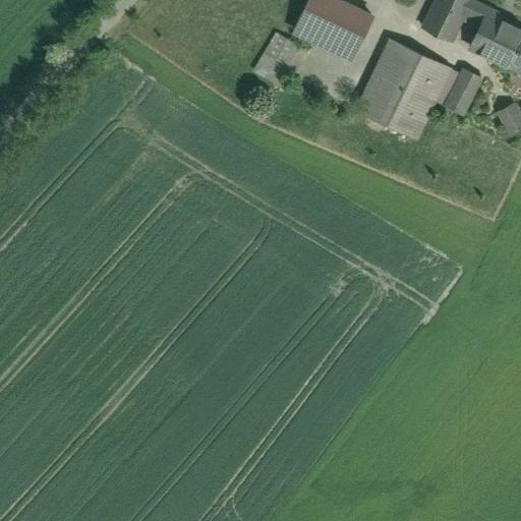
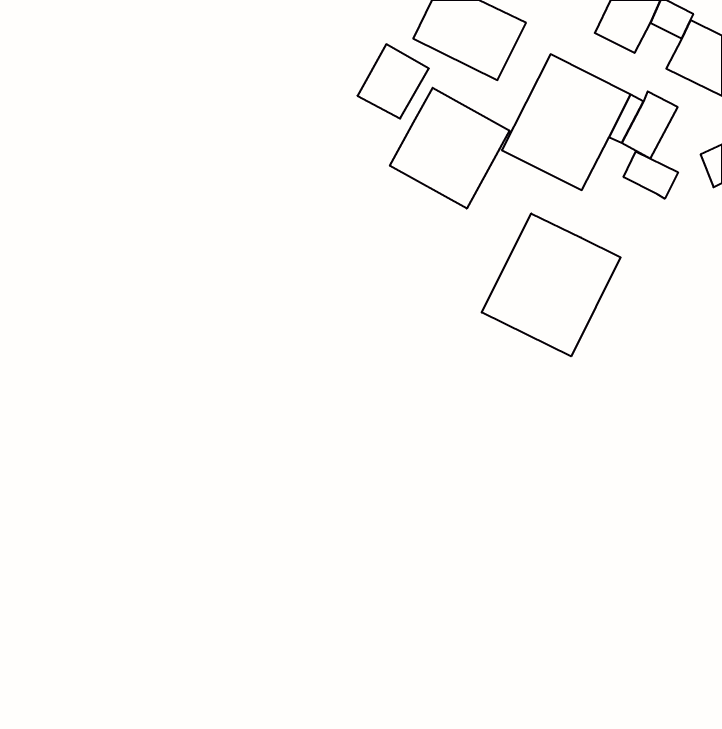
building: none -> [390,88,509,209]
building: none -> [624,151,678,199]
building: none -> [482,213,621,356]

